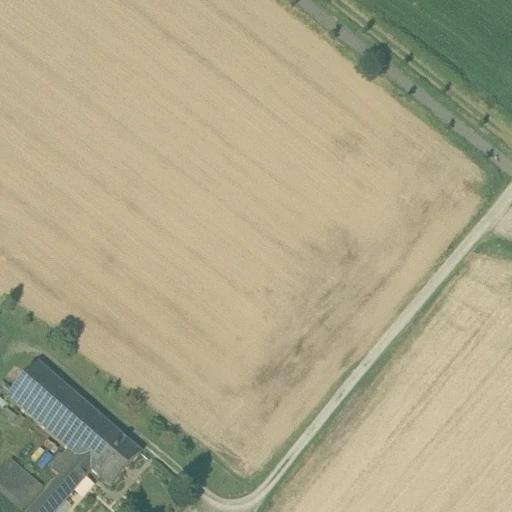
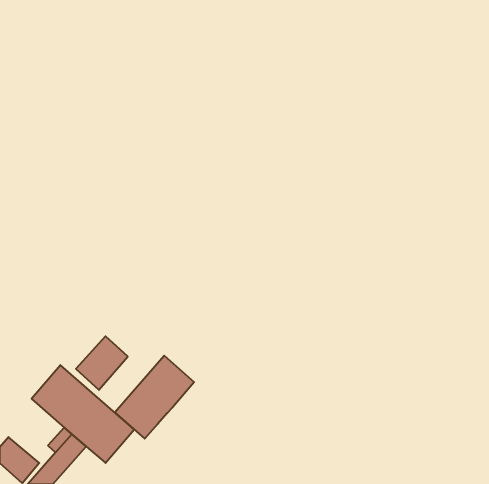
building: [9,360,63,416] -> [76,336,128,390]
building: none -> [115,356,194,439]

